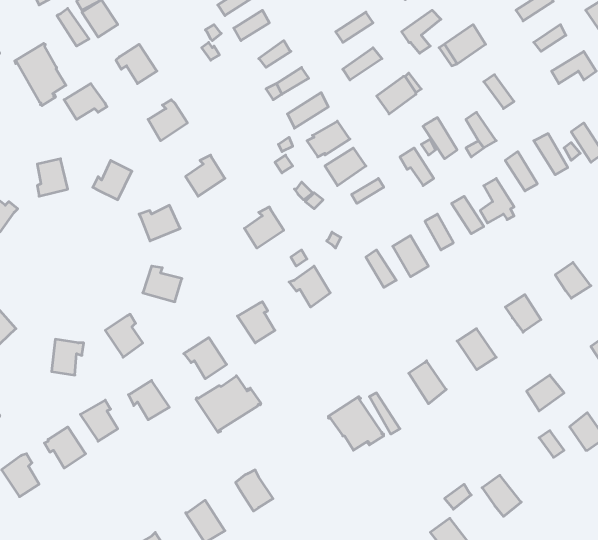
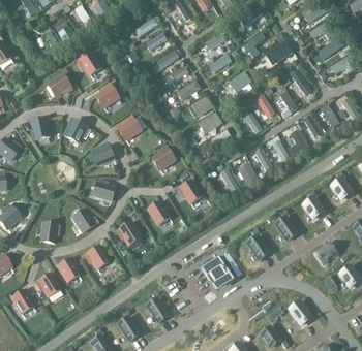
building: [15,43,66,106] -> none
building: [196,376,261,432] -> none

